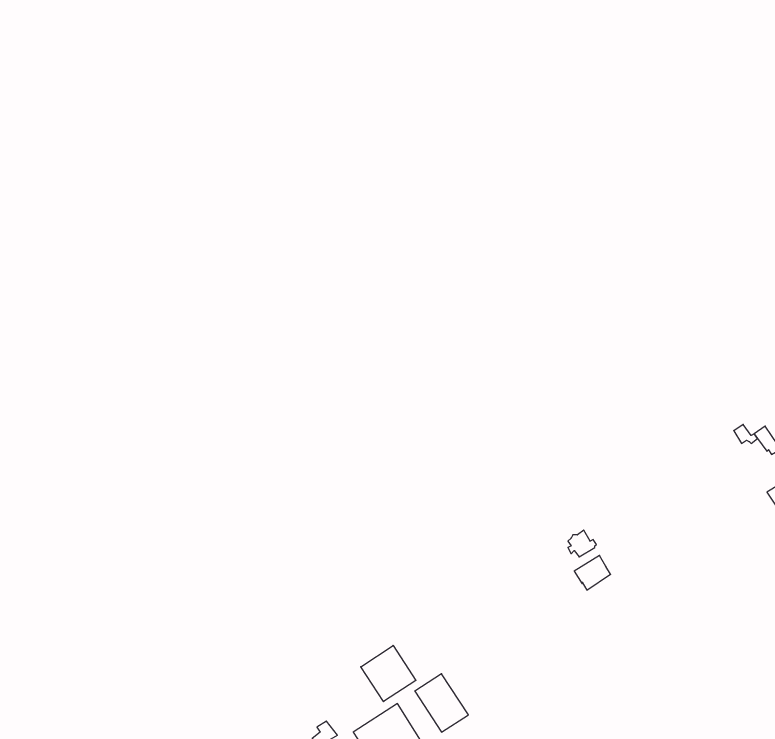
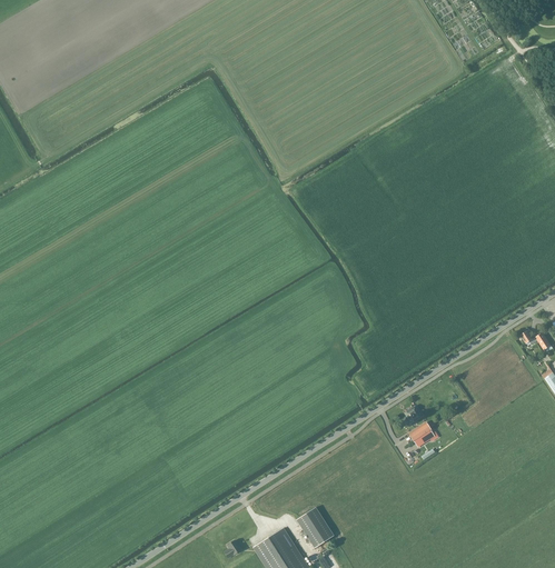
building: [361,645,416,702] -> none

